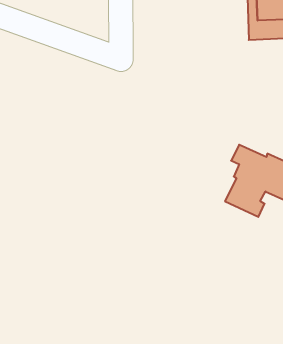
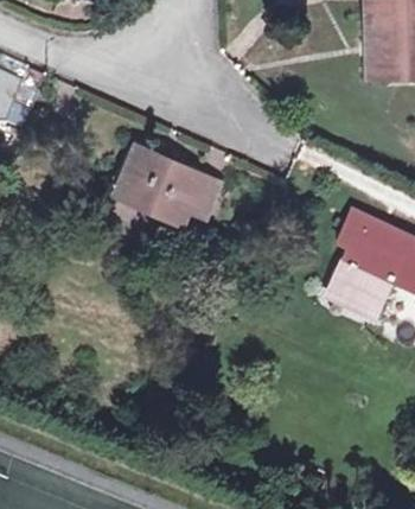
building: none -> [115,145,217,223]

